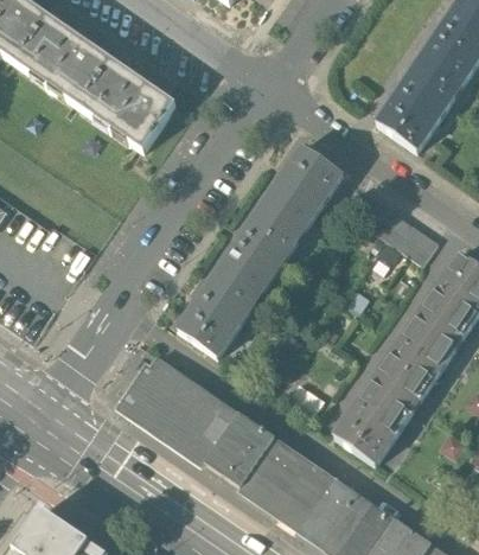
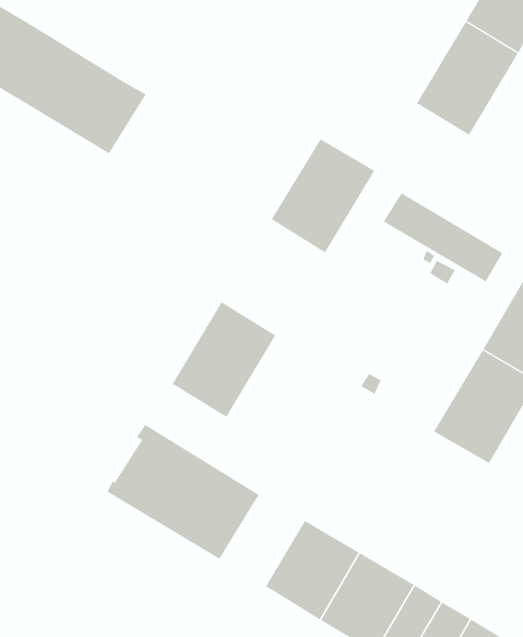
building: [219,204,301,293] -> none
building: [334,374,416,461] -> none
building: [206,414,273,484] -> none

